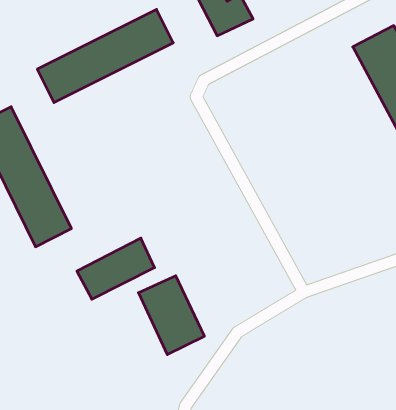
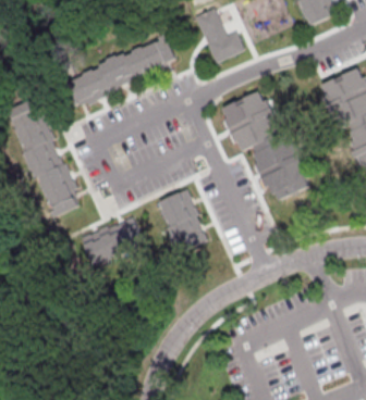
building: none -> [220,88,305,202]
building: [138,276,204,355] -> [157,189,207,252]

